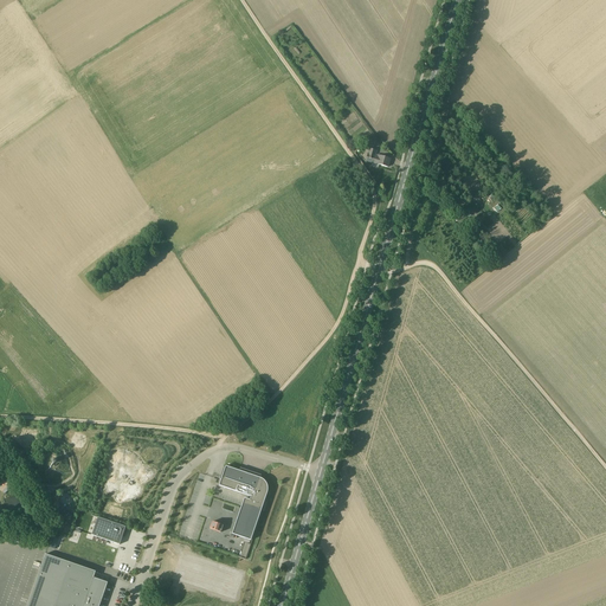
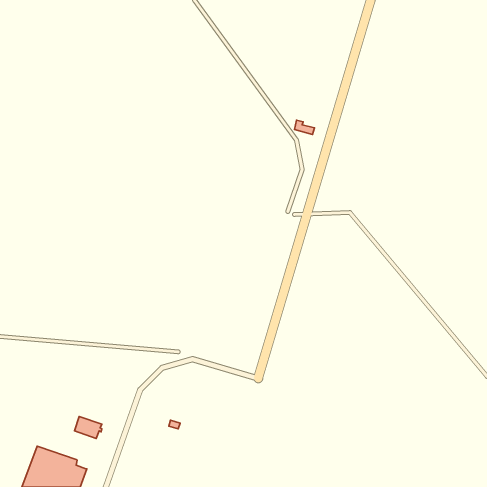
building: [219,466,269,541] -> none

